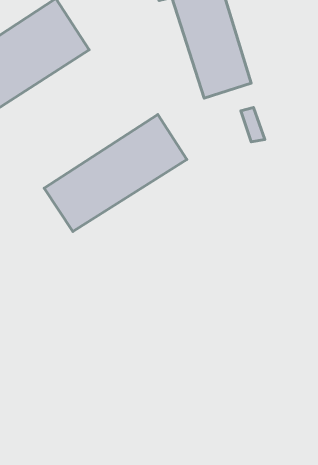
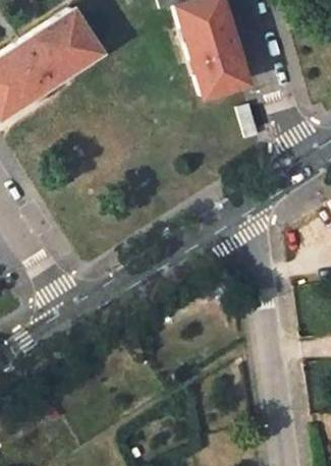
building: [44,114,187,232] -> none

